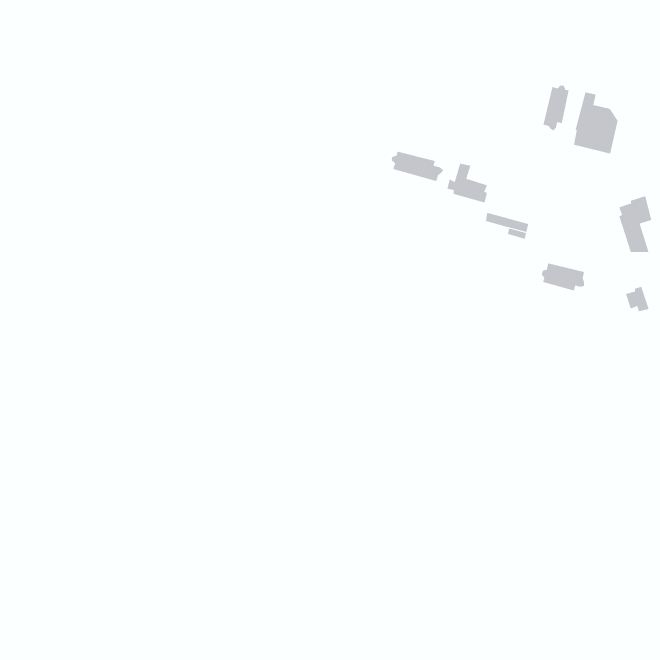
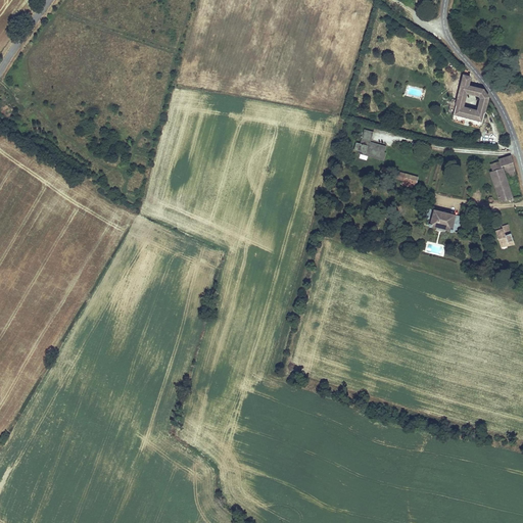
building: [543,85,569,131] -> none
building: [391,151,444,182] -> none

